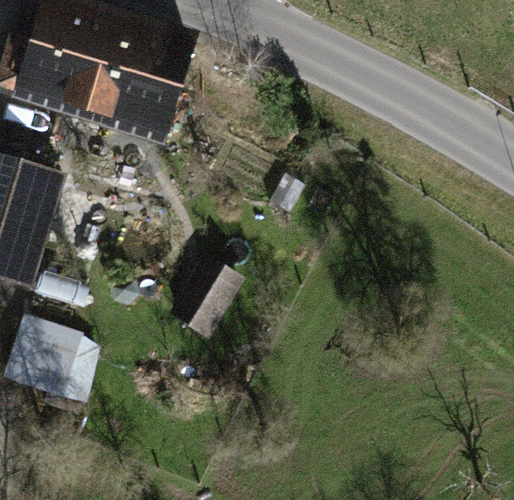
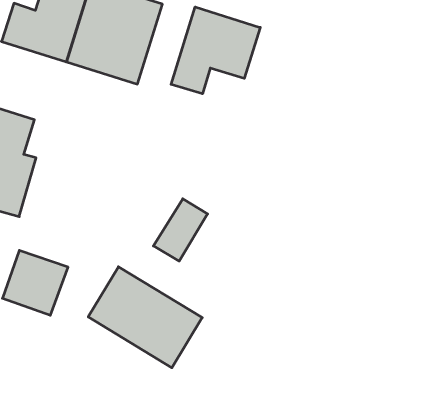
building: none -> [171,7,260,94]
building: none -> [88,267,202,368]

